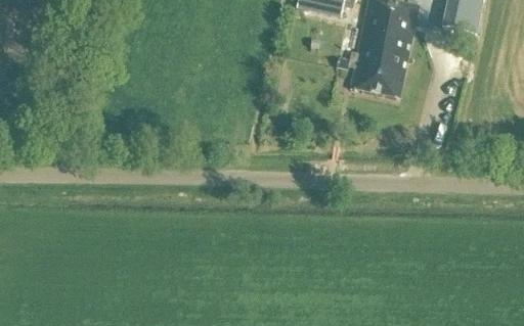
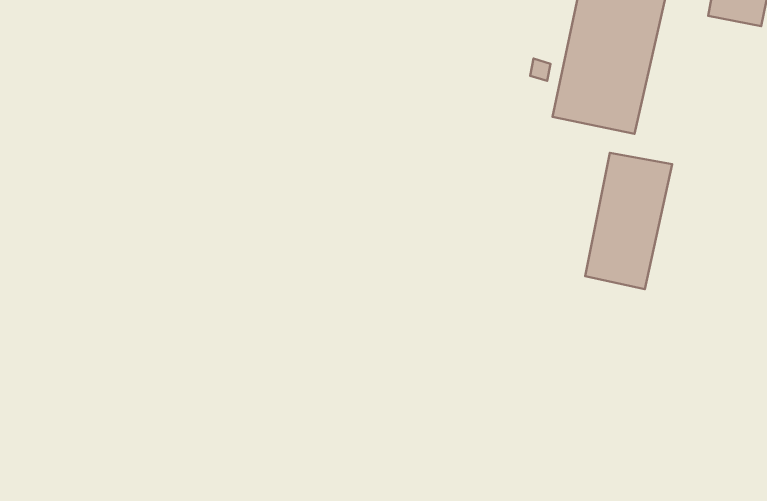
building: none -> [585,153,672,289]

